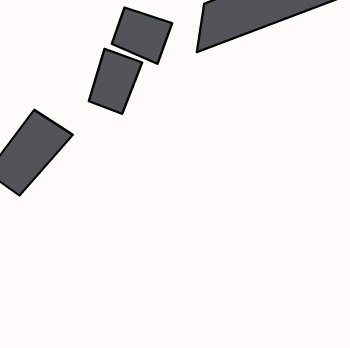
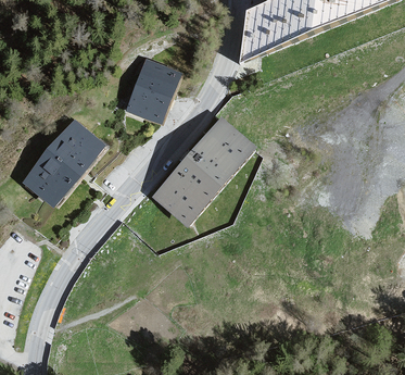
building: [112,7,172,64] -> none
building: none -> [147,118,257,228]

